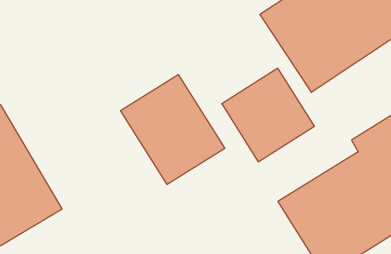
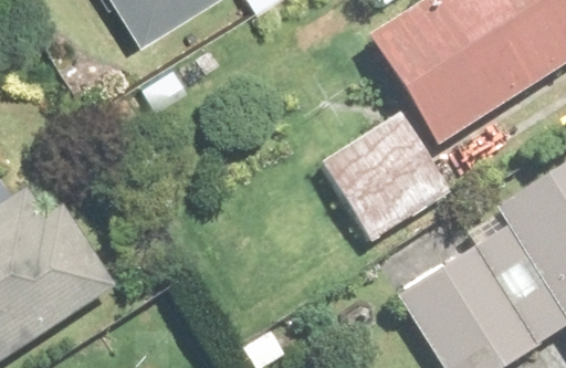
building: [121,75,225,184] -> none

